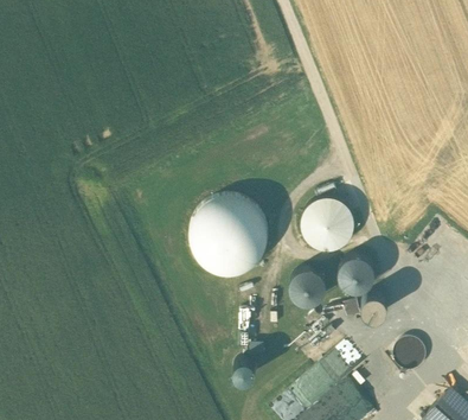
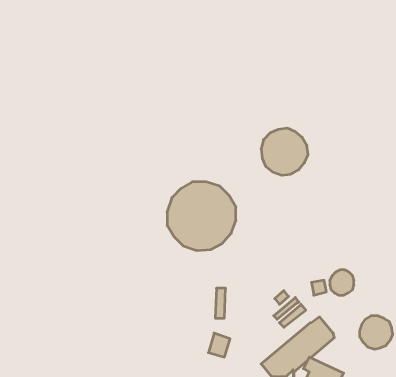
building: [303,201,352,249] -> [261,128,308,175]
building: [338,255,374,292] -> none
building: [289,269,326,305] -> none

